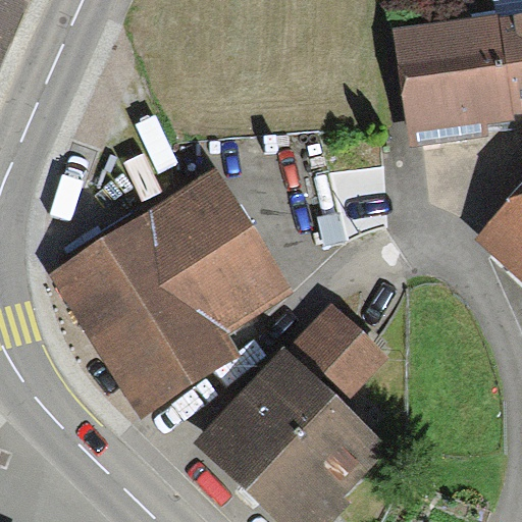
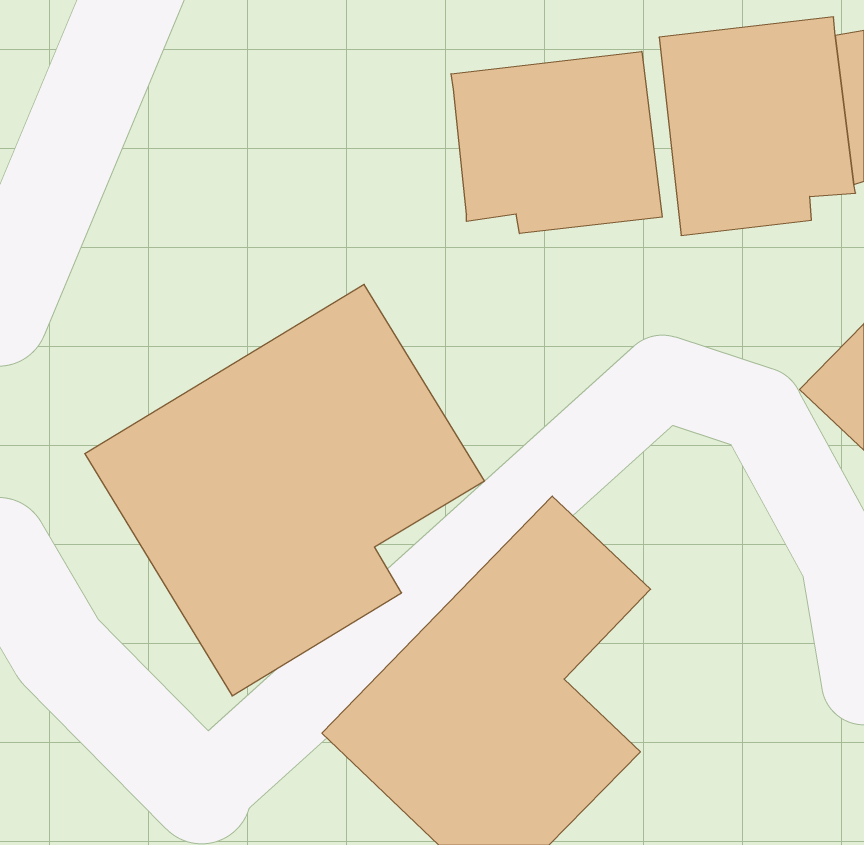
building: none -> [451,51,662,234]

